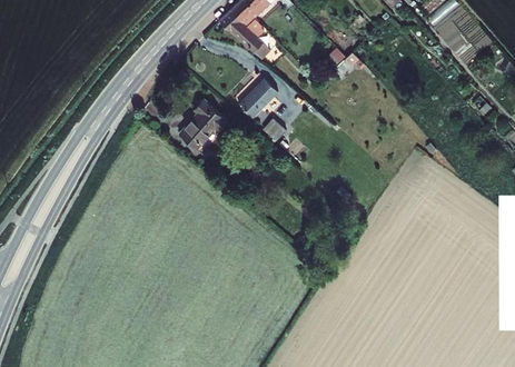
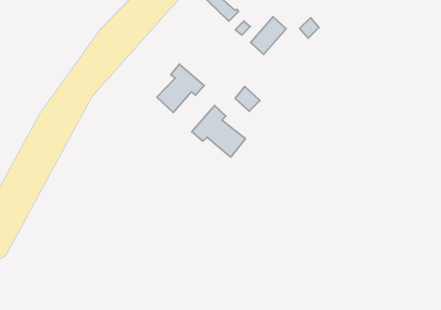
building: [239,72,276,111] -> [251,17,286,54]
building: none -> [192,105,245,157]

